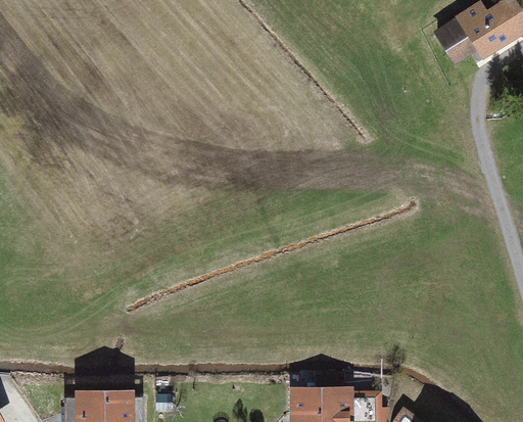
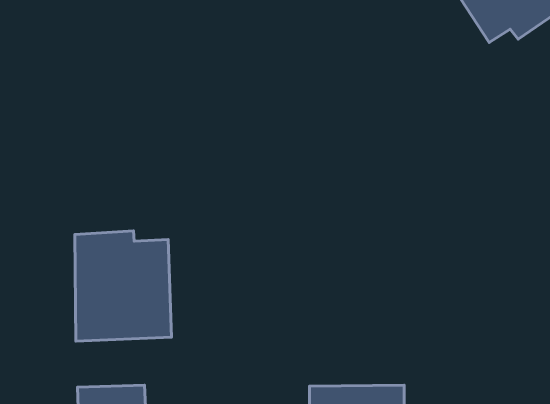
building: none -> [75,231,171,341]

